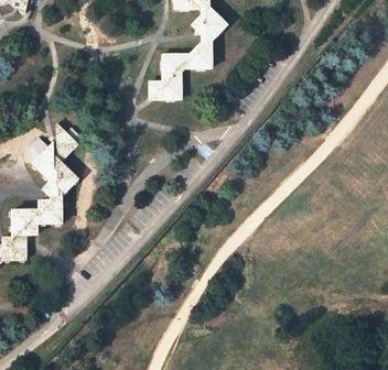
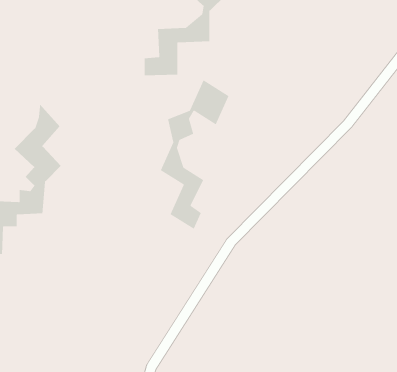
building: none -> [160,79,230,230]

